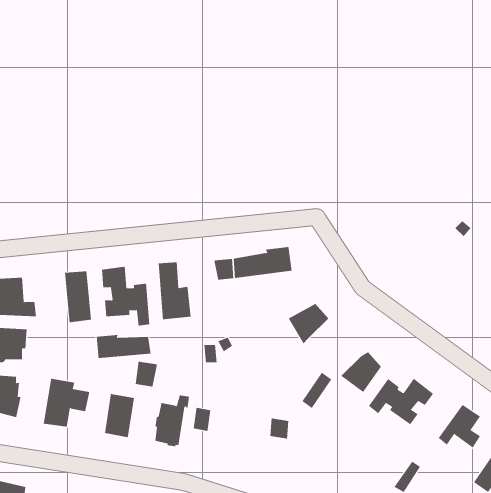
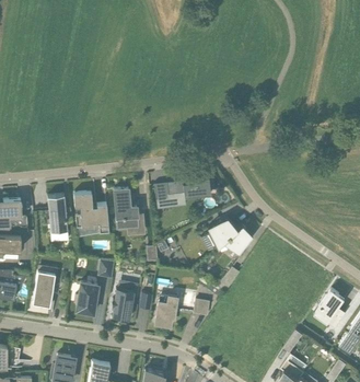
building: [96,334,151,359] -> none
building: [341,351,382,393] -> [222,225,252,255]
building: [368,378,434,425] -> none
building: none -> [154,296,176,326]

